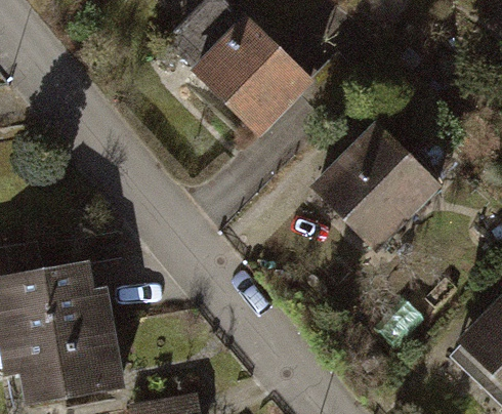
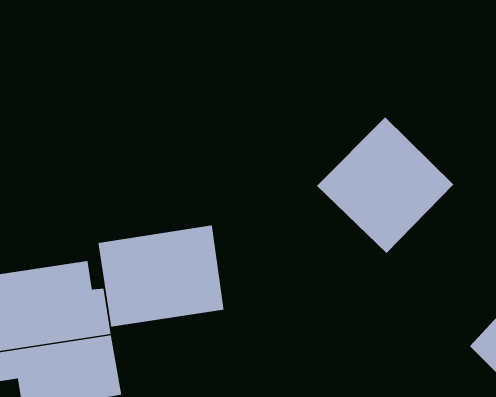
building: [193,11,313,130] -> none
building: none -> [97,224,225,328]

